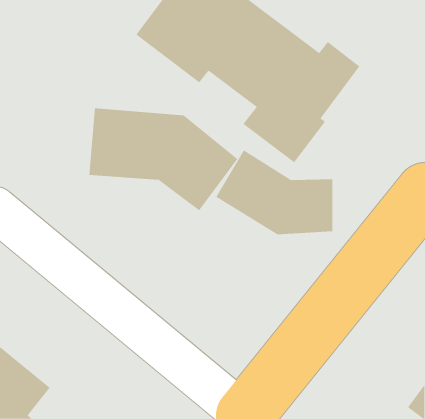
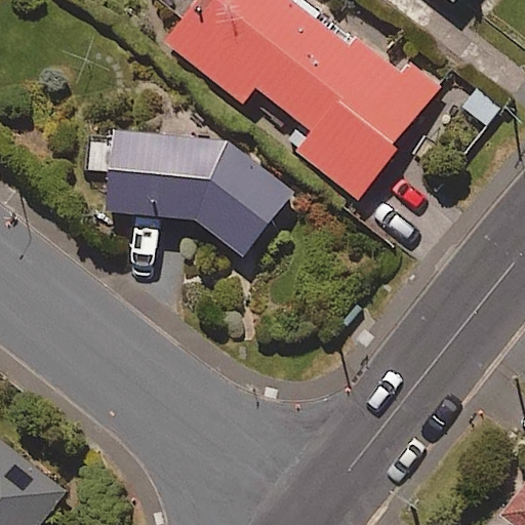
building: [215,150,333,235] -> none

